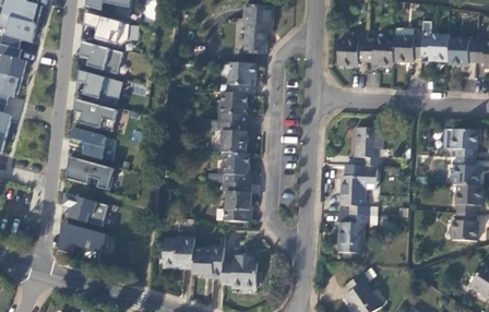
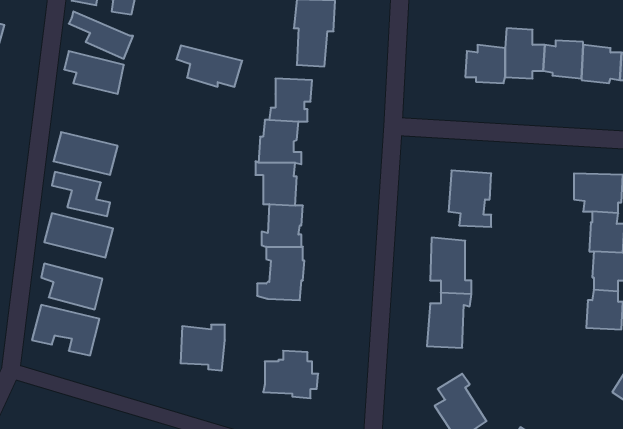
building: [338,39,367,65] -> none
building: [76,70,123,99] -> [176,45,242,87]
building: [192,245,224,279] -> none

